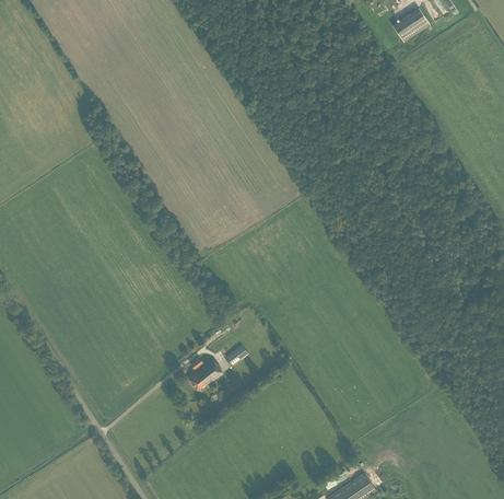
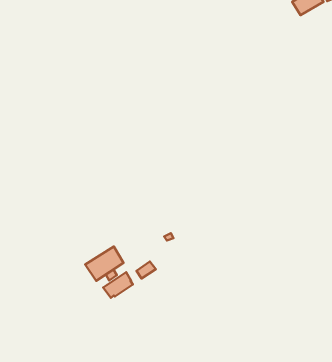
building: none -> [85,247,124,281]

